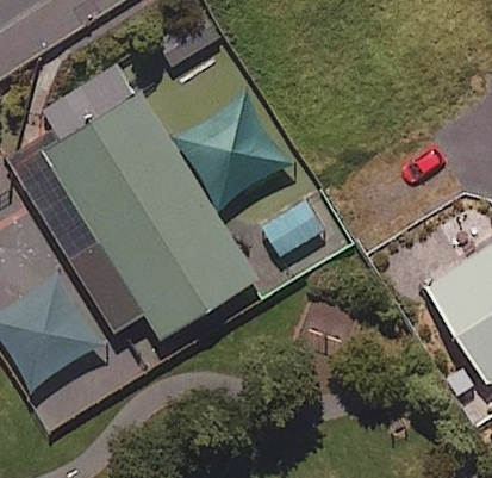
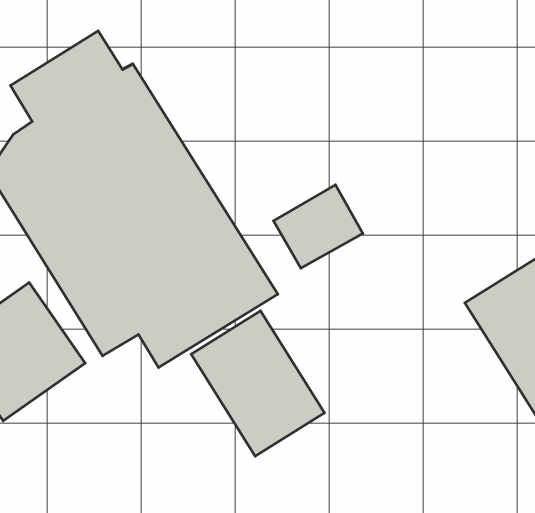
building: [181,89,293,203] -> none
building: none -> [191,311,324,456]

